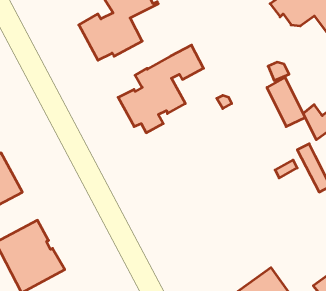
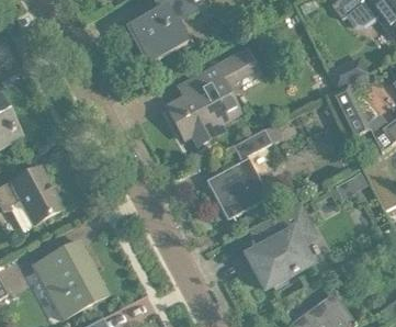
building: none -> [205,124,281,219]
building: none -> [245,208,309,289]

